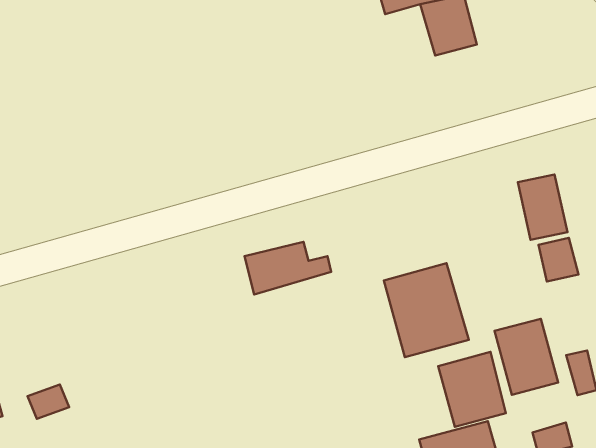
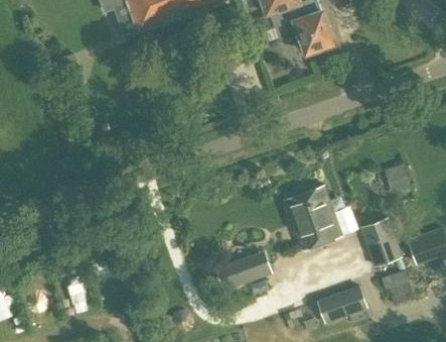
building: [518,174,568,240] -> none
building: [245,242,331,294] -> [214,254,271,291]
building: [438,352,506,427] -> none

